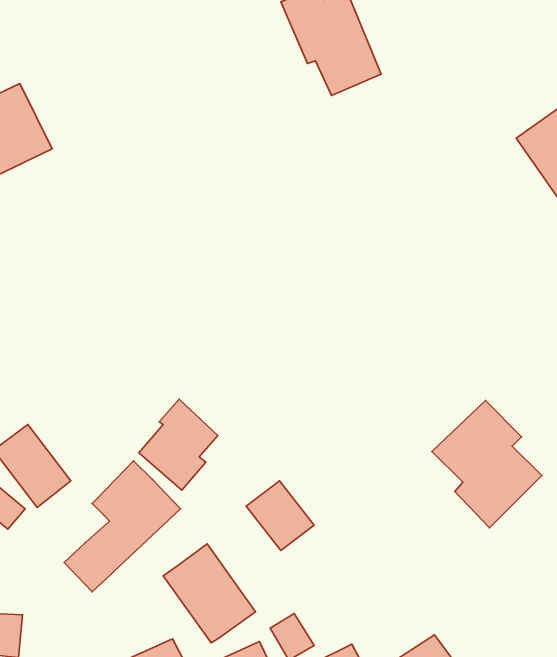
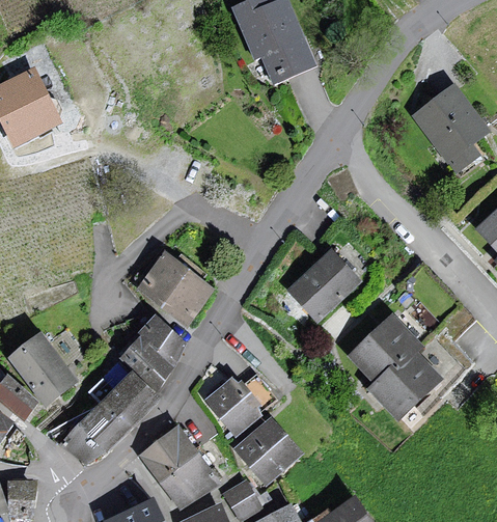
building: none -> [288,251,357,318]
building: none -> [139,253,210,322]
building: none -> [236,418,298,480]

